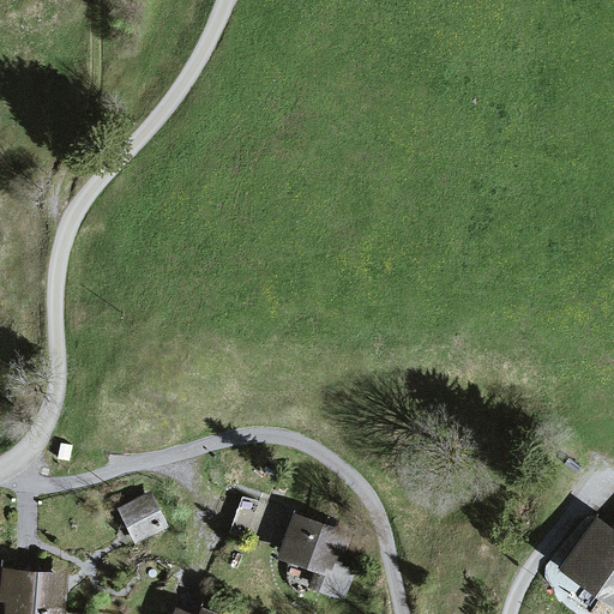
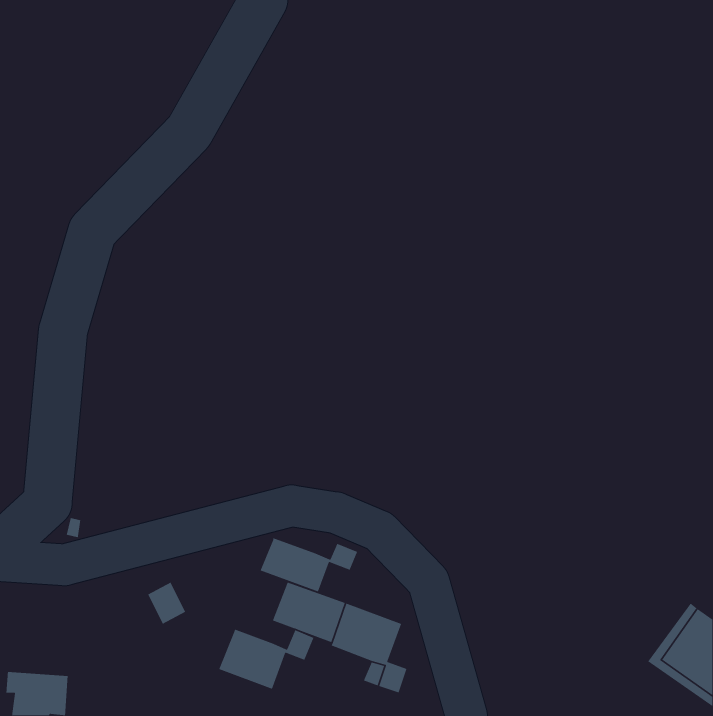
building: none -> [260,537,358,593]
building: none -> [218,629,314,690]

